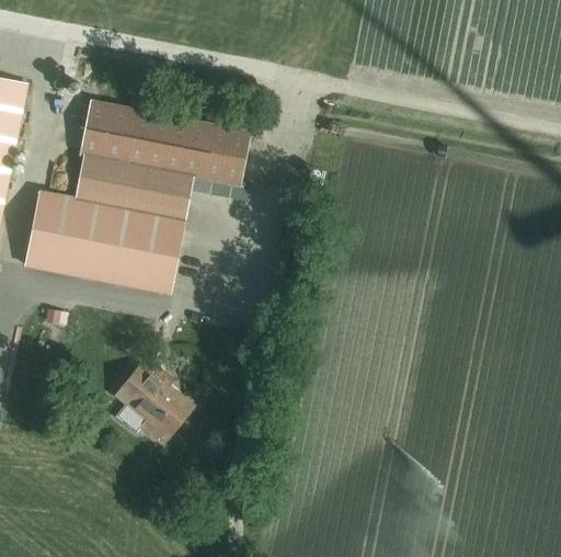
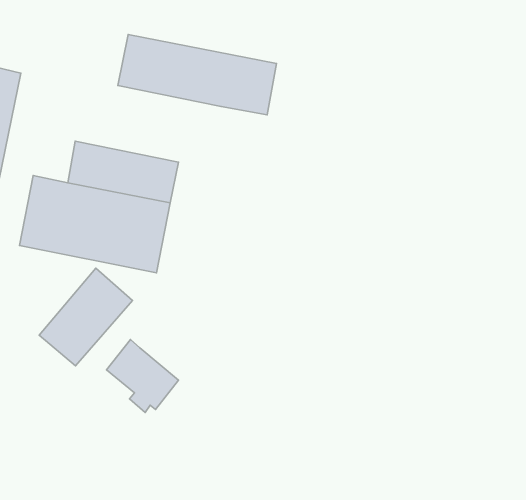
building: [83,101,250,185] -> [118,34,277,115]
building: none -> [39,268,133,366]

